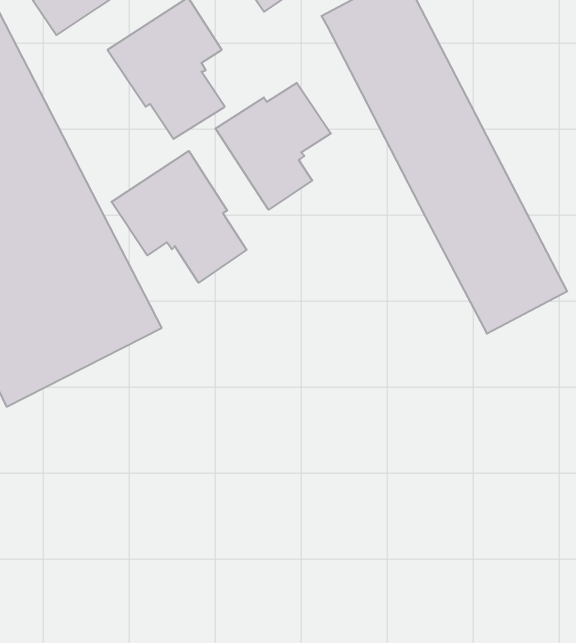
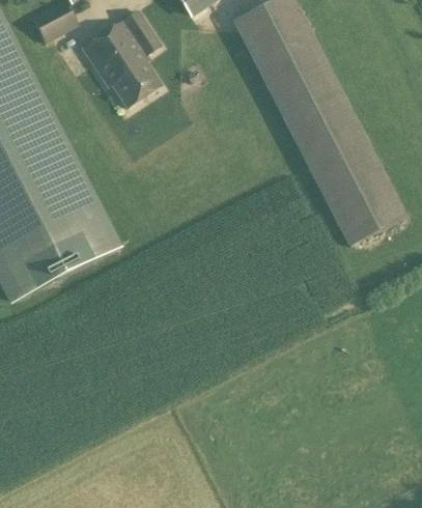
building: [215,83,331,210] -> none
building: [111,151,247,283] -> none

